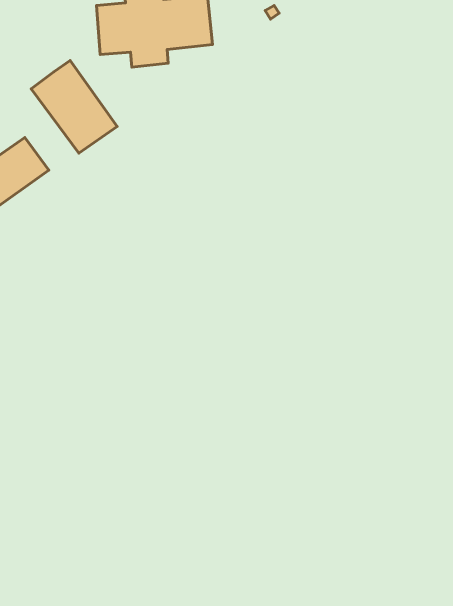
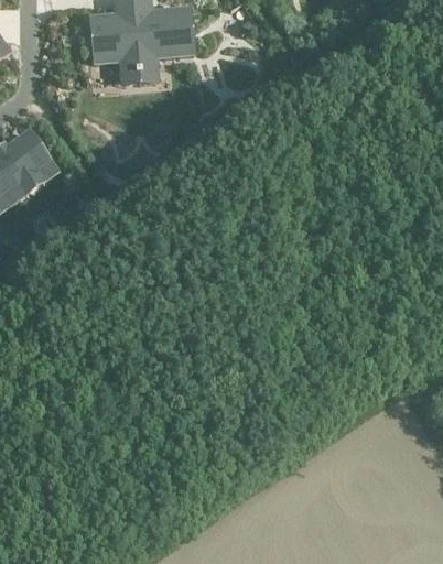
building: [31,61,117,153] -> none

